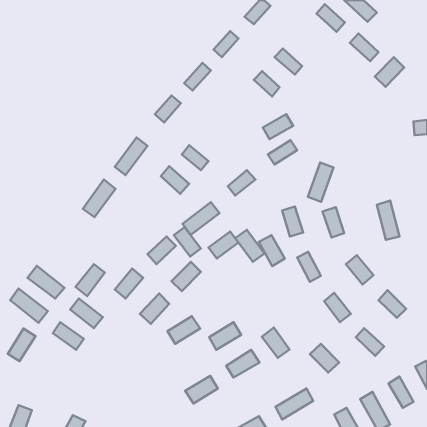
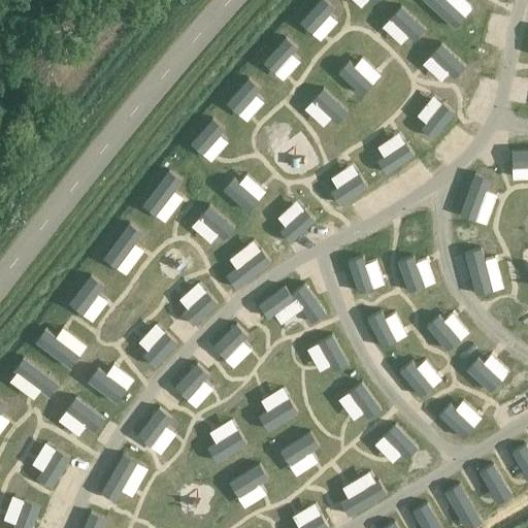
building: [375,57,404,87] -> [420,104,456,140]
building: [263,114,293,139] -> [376,142,414,173]
building: [308,163,334,202] -> [459,173,491,222]
building: [174,227,201,257] -> none
building: [259,235,285,266] -> [317,335,349,373]
building: [75,264,105,296] -> [67,276,103,316]
building: [168,316,200,344] -> [206,430,246,464]
building: [262,328,290,358] -> [346,383,381,420]
building: [8,329,35,361] -> [35,450,69,490]
building: none -> [135,408,172,448]
building: none -> [100,455,136,502]

